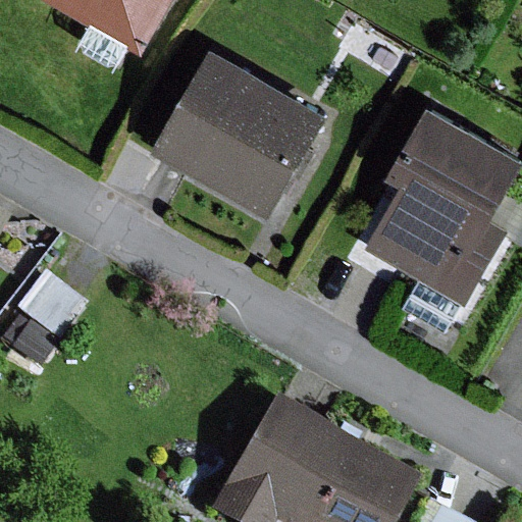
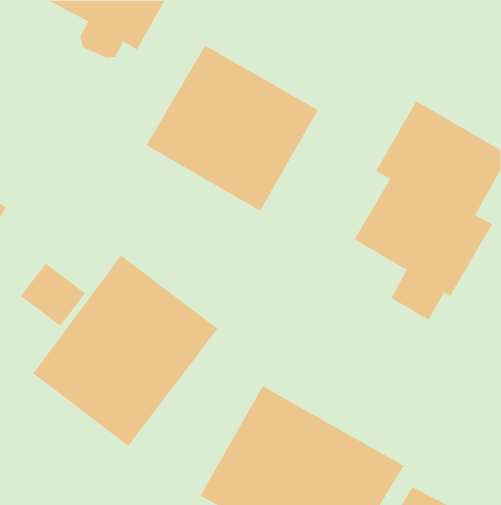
building: none -> [32,255,218,447]

